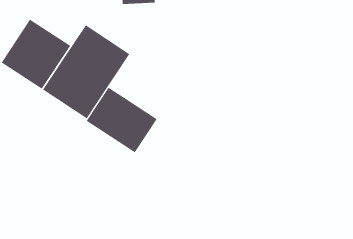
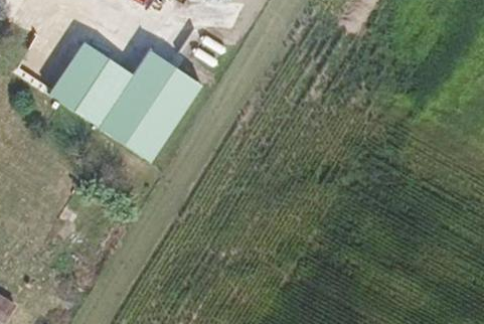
building: [86,87,157,153] -> none

